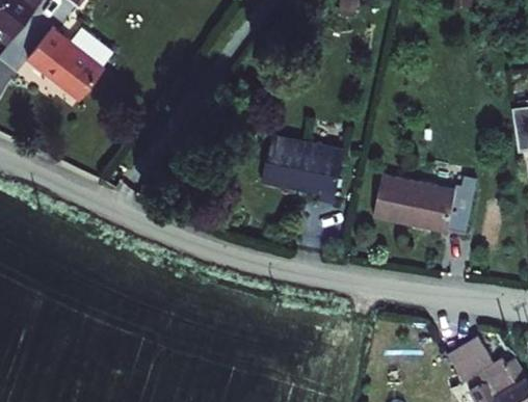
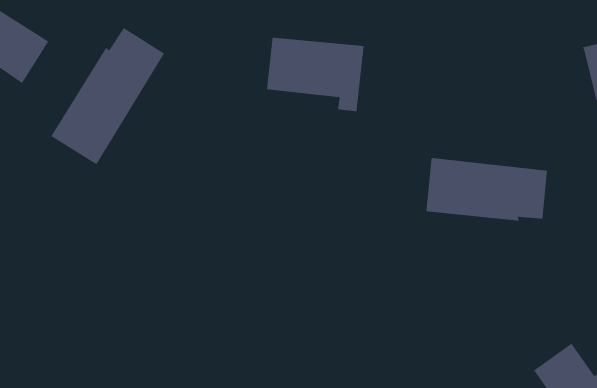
building: none -> [51,27,165,165]
building: [264,141,344,206] -> [266,37,364,112]

